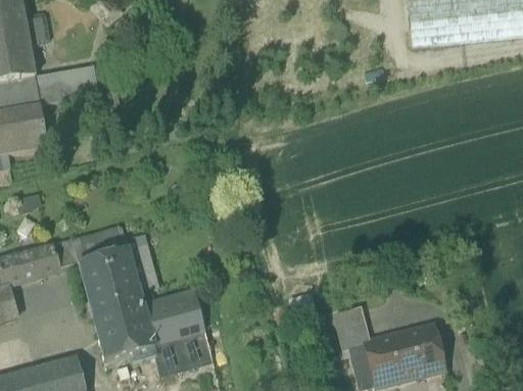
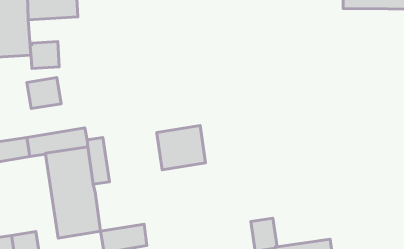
building: none -> [30,41,59,69]
building: none -> [27,78,61,109]
building: [143,290,205,348] -> [157,125,205,170]

